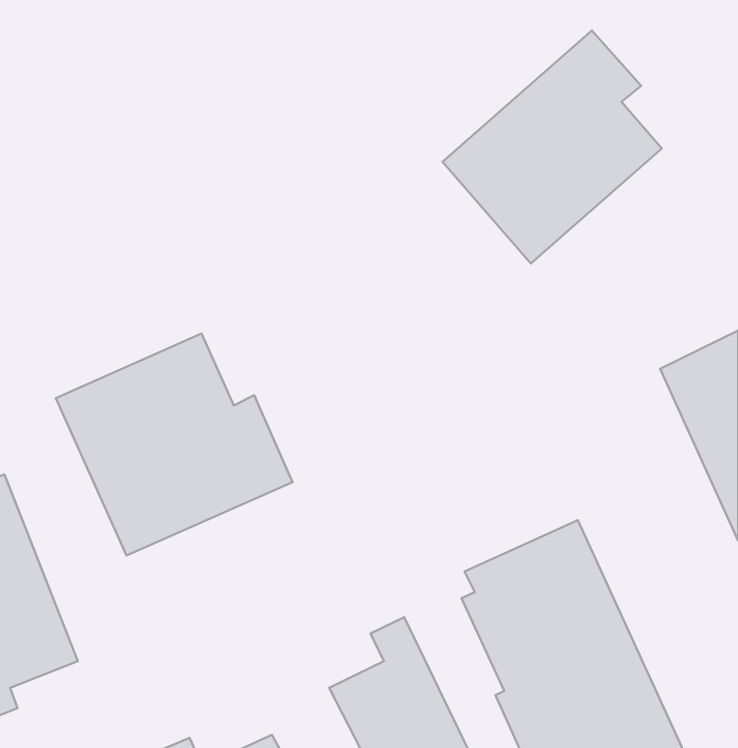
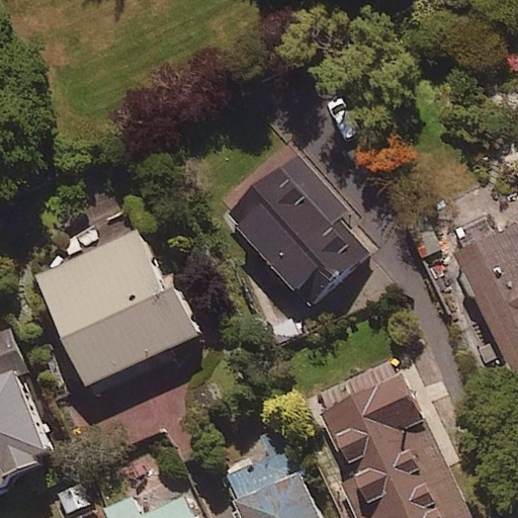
building: [442,31,662,264] -> none
building: none -> [229,162,368,305]

